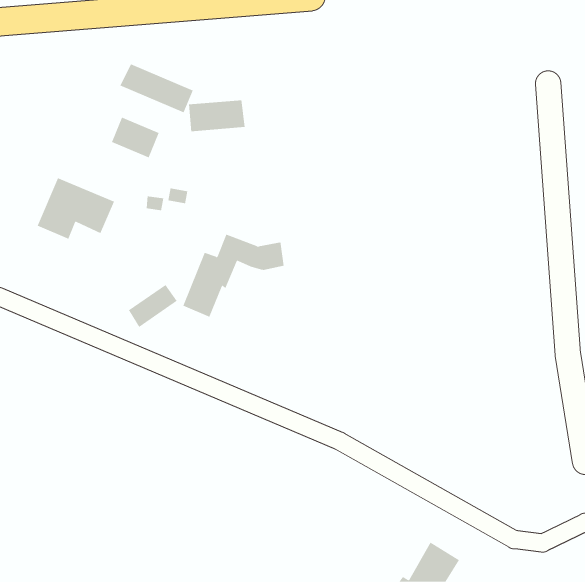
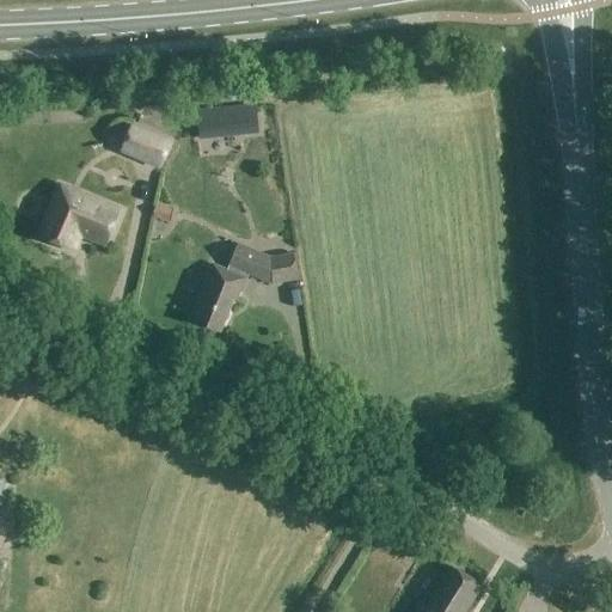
building: [120,63,194,113] -> none
building: [128,284,178,328] -> none

